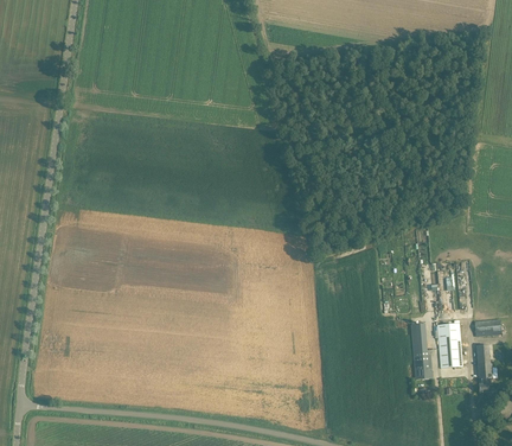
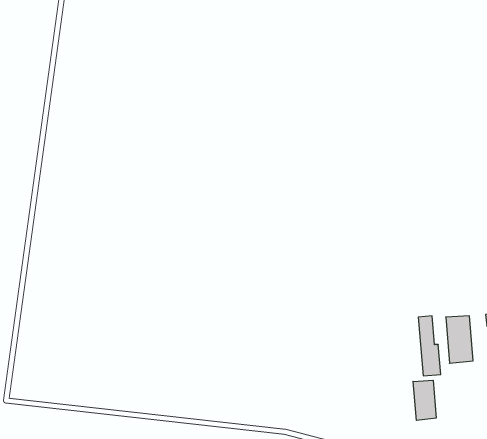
building: none -> [413,380,436,420]

